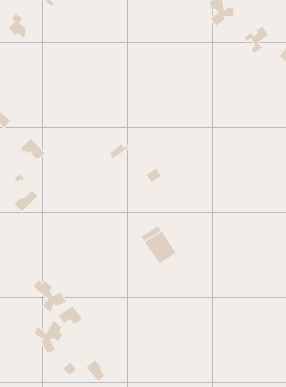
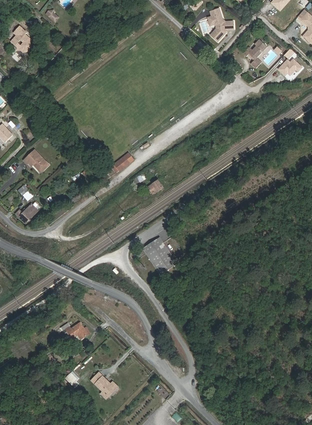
building: [33,279,66,313] -> none
building: [34,320,63,354] -> none

